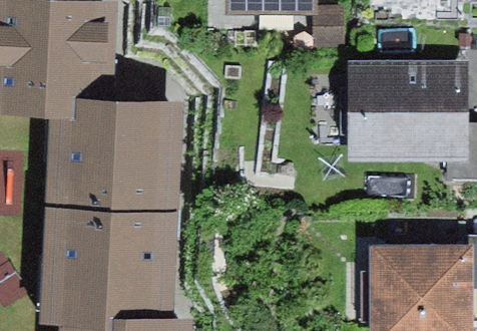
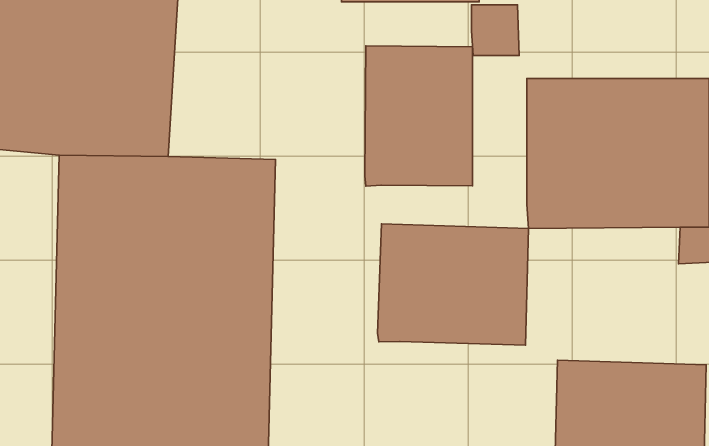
building: none -> [365,46,473,186]
building: none -> [378,224,528,345]

